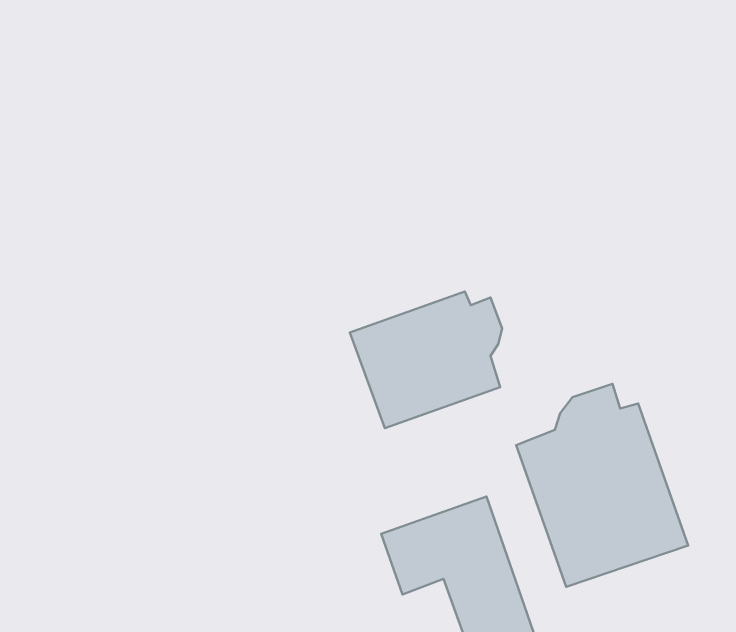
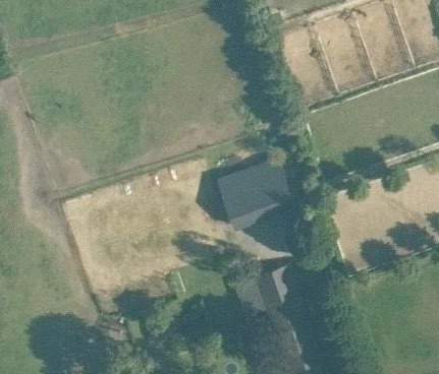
building: [516,384,688,587] -> none

